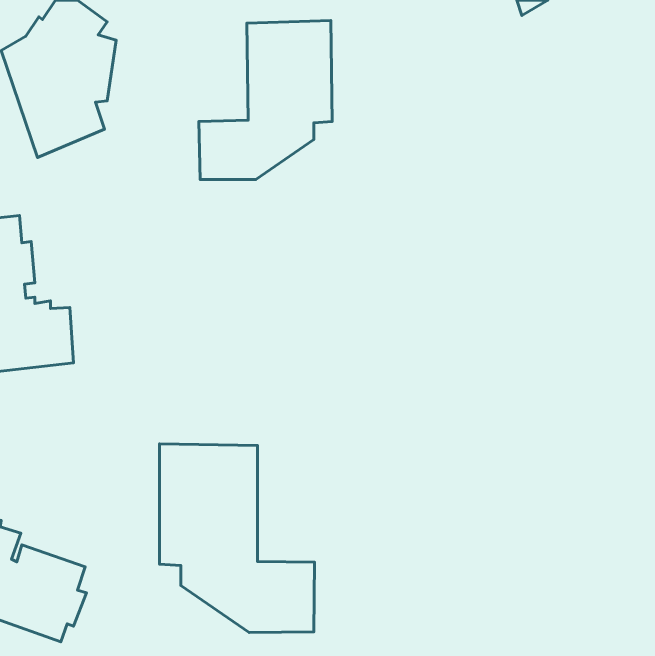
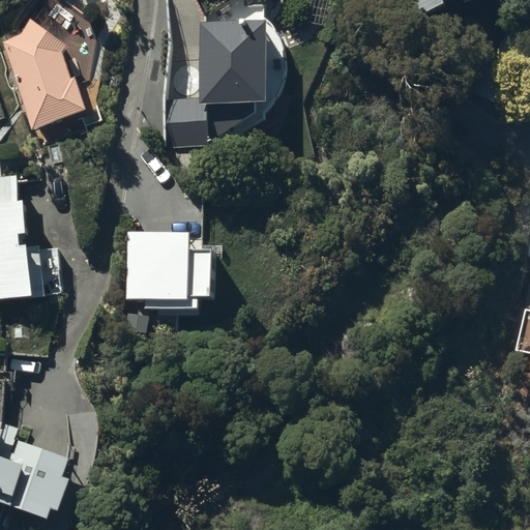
building: none -> [125,231,212,316]
building: [160,444,315,633] -> none

